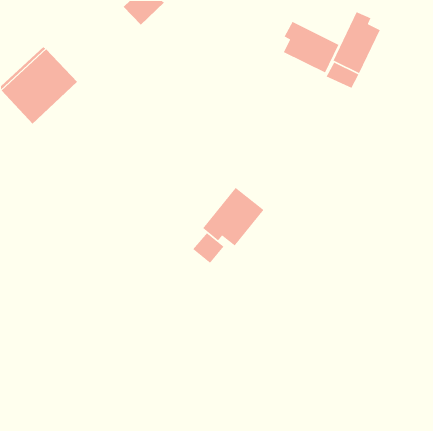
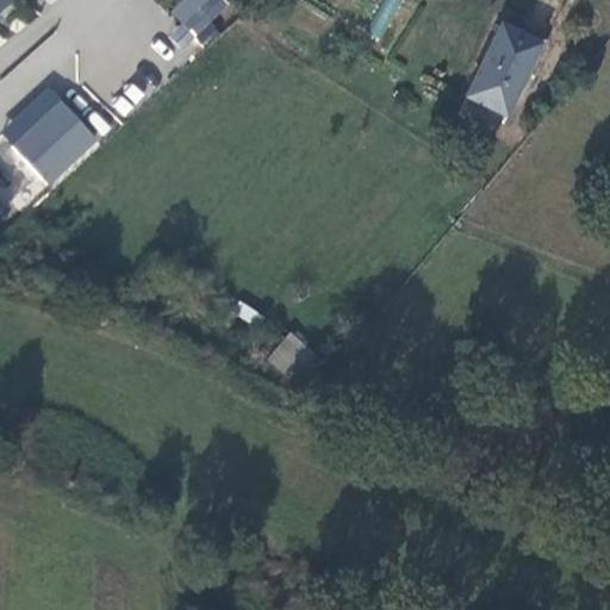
building: [283,21,340,74] -> none
building: [202,187,264,247] -> none

